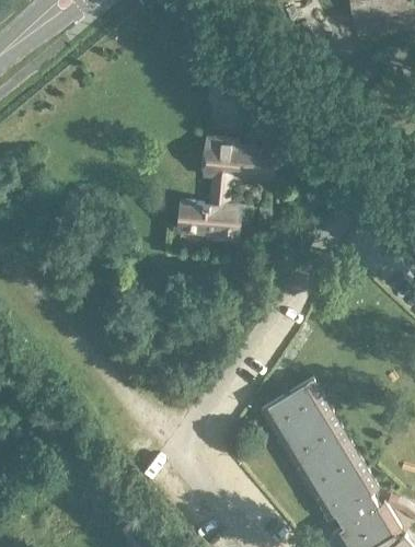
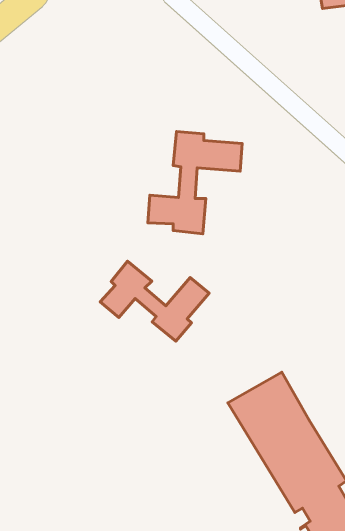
building: none -> [100,261,209,341]

